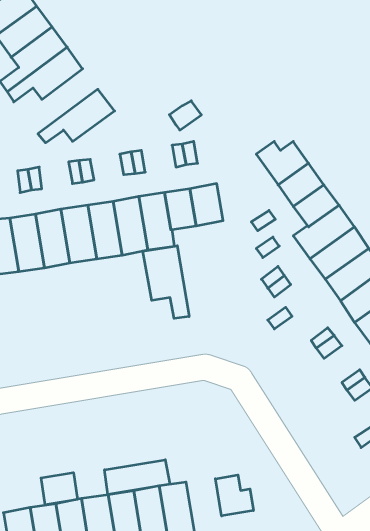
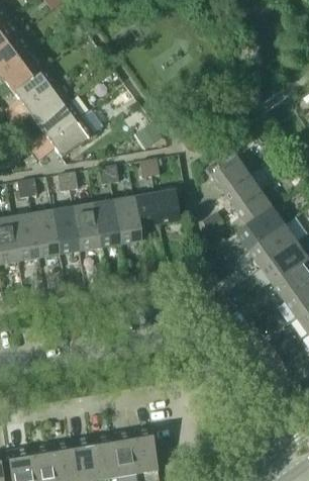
building: none -> [27,99,81,151]
building: [143,246,189,318] -> none
building: [105,460,170,494] -> none
building: [41,473,77,505] -> none
building: [215,475,253,516] -> none

